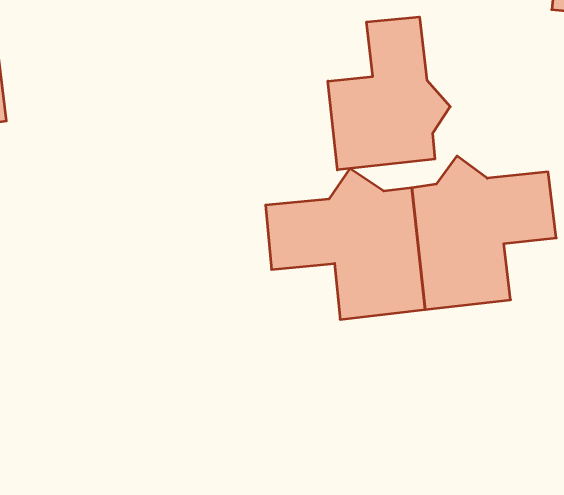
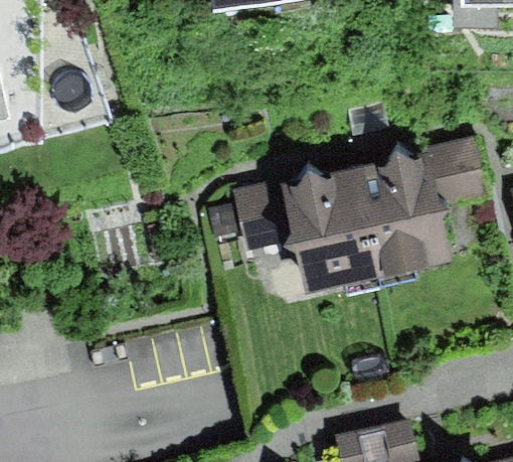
building: [328,17,450,170] -> none

